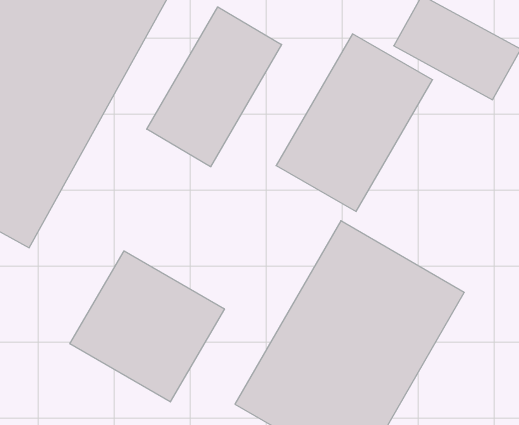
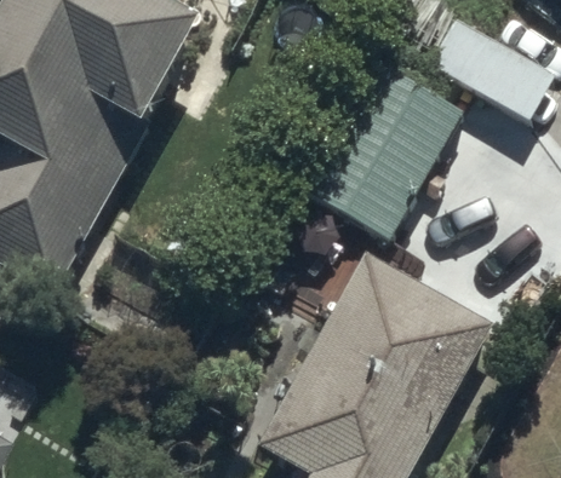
building: [147,7,282,167] -> none
building: [70,251,224,402] -> none

